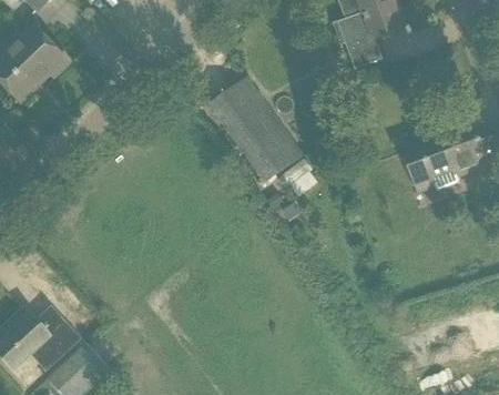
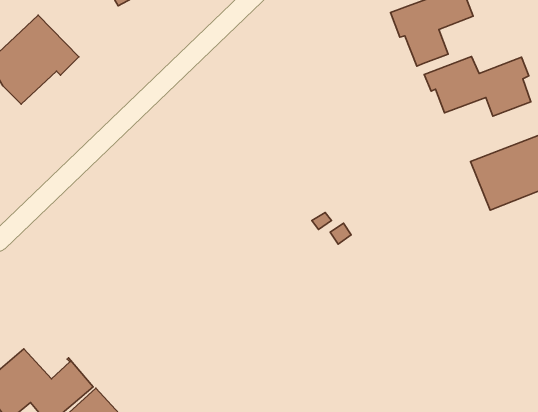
building: none -> [424,56,531,116]
building: [208,75,302,181] -> none

